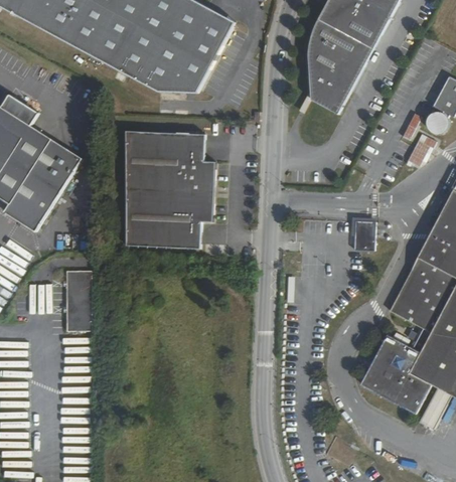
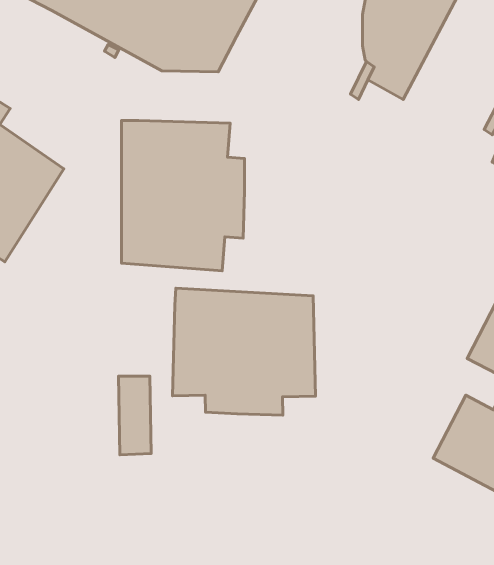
building: [351,219,373,249] -> none
building: none -> [172,288,315,415]
building: [65,265,91,325] -> [118,376,151,455]

